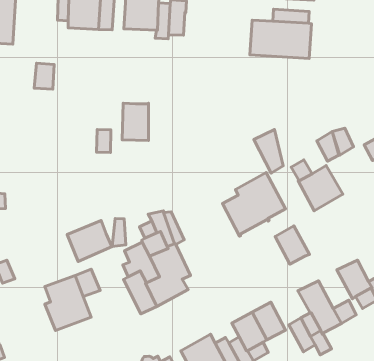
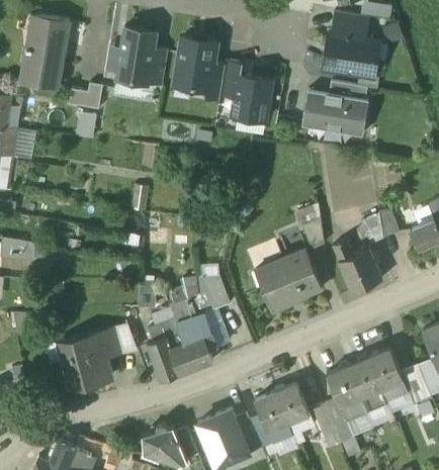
building: none -> [232,76,271,121]
building: none -> [68,84,102,110]
building: [122,103,148,141] -> none
building: none -> [203,279,230,310]
building: [67,221,112,262] -> none
building: [275,226,309,264] -> [348,358,381,397]

